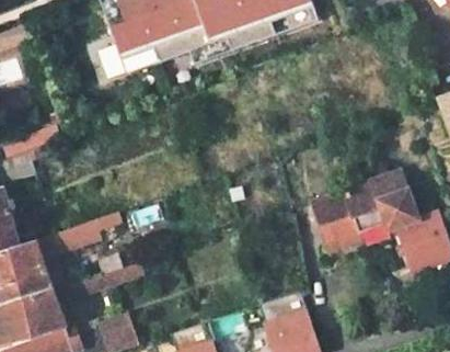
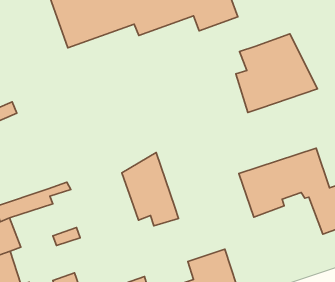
building: none -> [236,34,318,112]
building: none -> [122,153,179,226]

